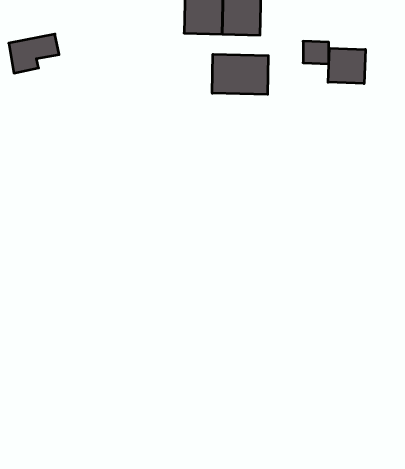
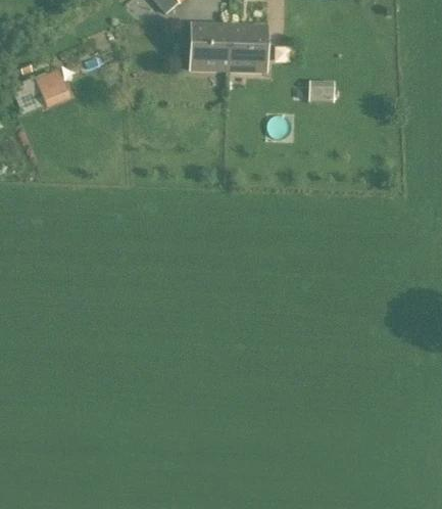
building: [328,48,365,84] -> none
building: [212,54,268,94] -> none

